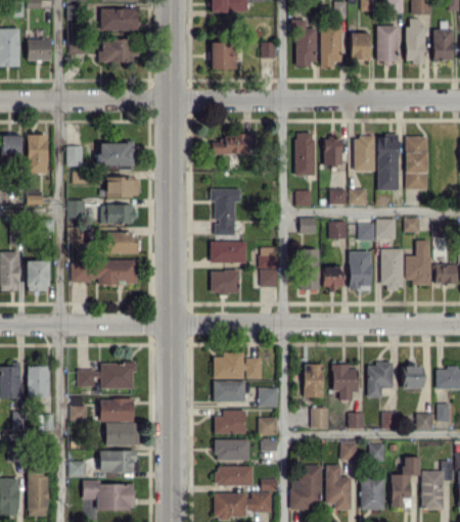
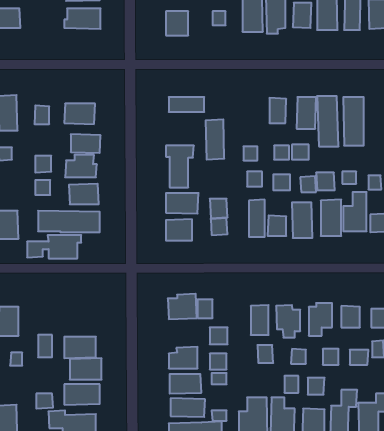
building: [294,132,315,176] -> [206,119,224,160]
building: [78,363,137,388] -> [27,235,81,258]
building: [214,380,245,400] -> none

